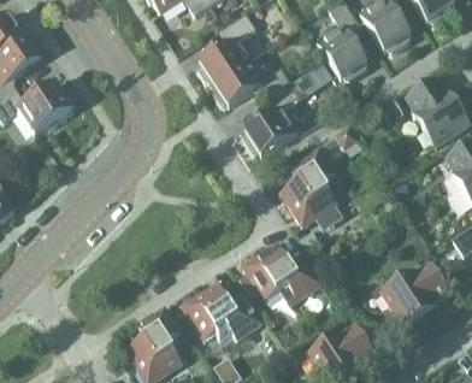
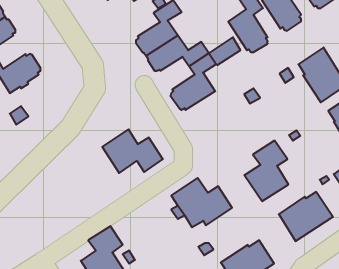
building: [281,148,337,226] -> [244,141,288,201]
building: [183,284,261,341] -> [102,129,163,173]

